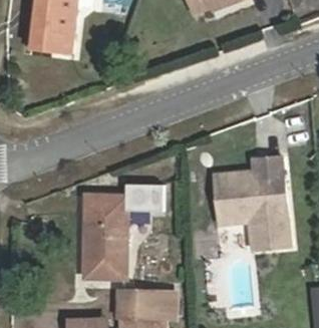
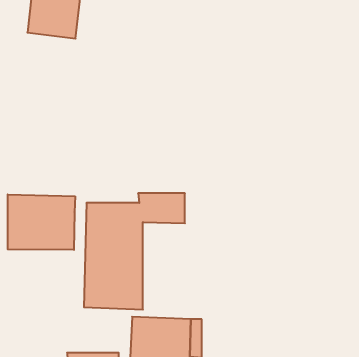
building: [212,158,289,253] -> none
building: none -> [8,194,75,250]

